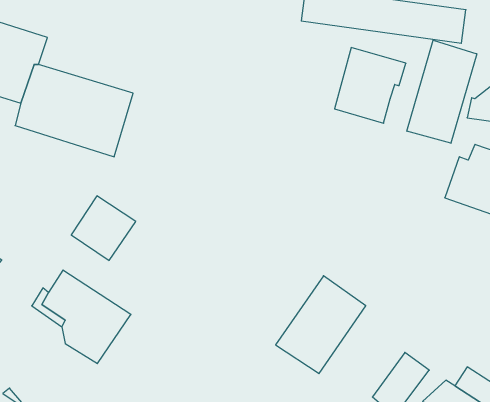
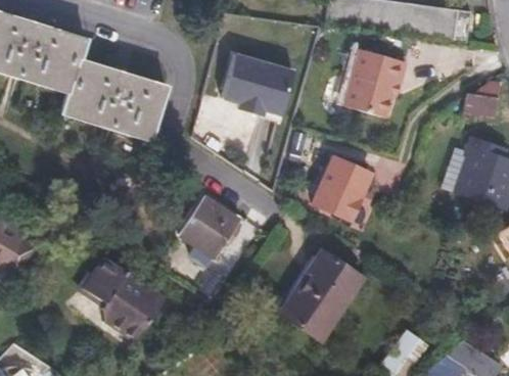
building: [407,40,477,143] -> none
building: none -> [227,51,295,112]
building: none -> [314,152,376,220]
building: [71,196,136,260] -> [185,195,244,254]

